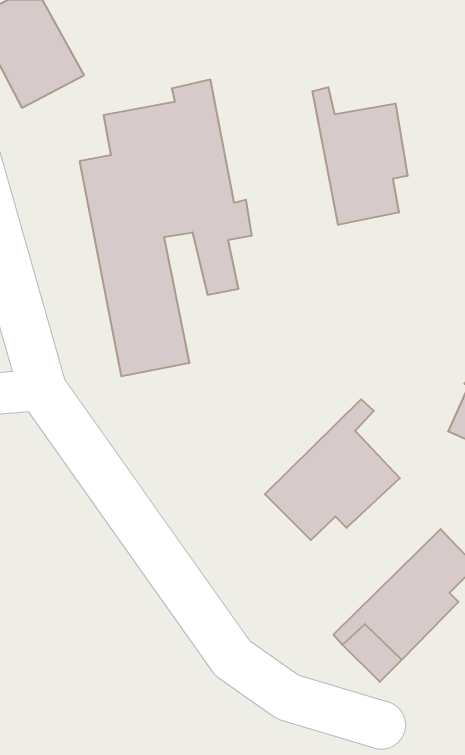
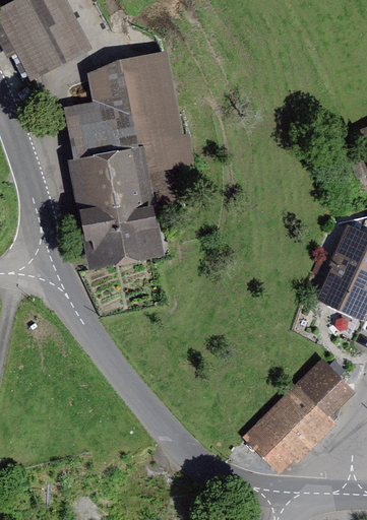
building: [312,87,408,225] -> none
building: [265,399,400,540] -> none

